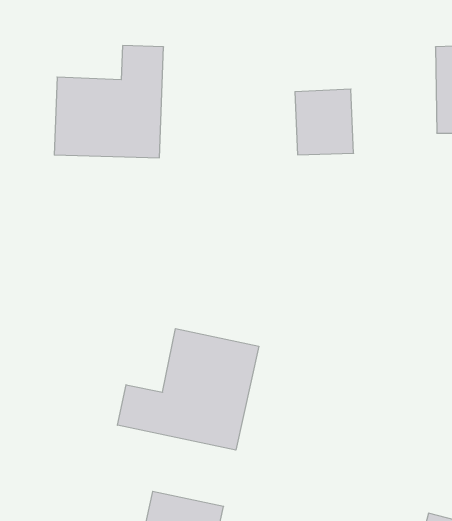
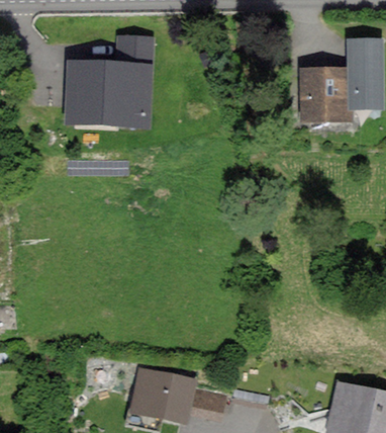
building: [295,89,354,155] -> [303,70,347,118]
building: [117,329,259,450] -> none

